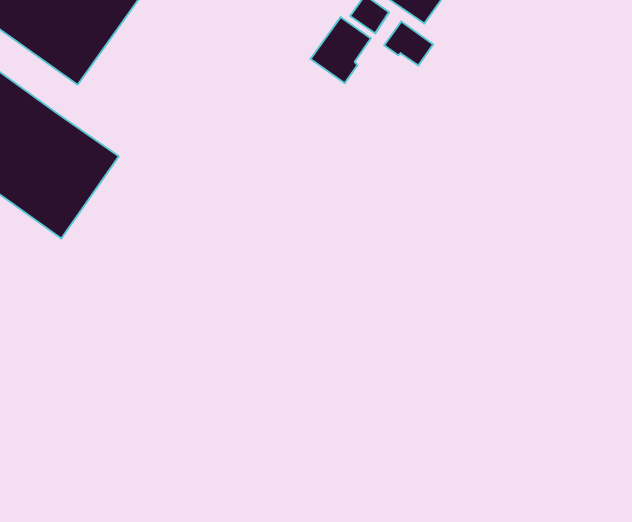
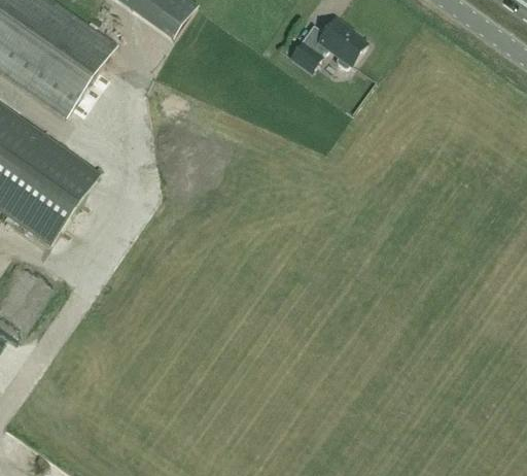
building: [310,17,371,83] -> none
building: [384,21,433,66] -> none

